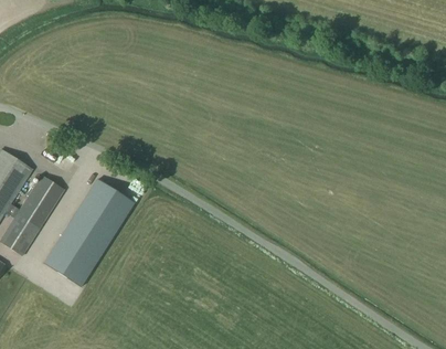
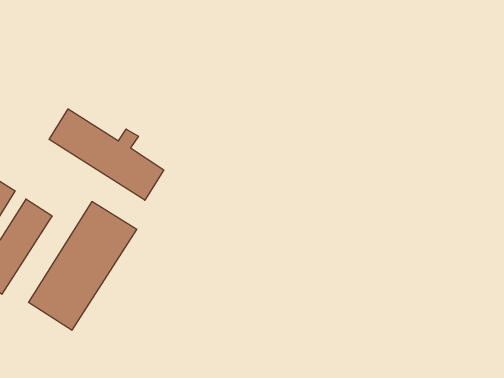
building: none -> [49,109,164,200]

